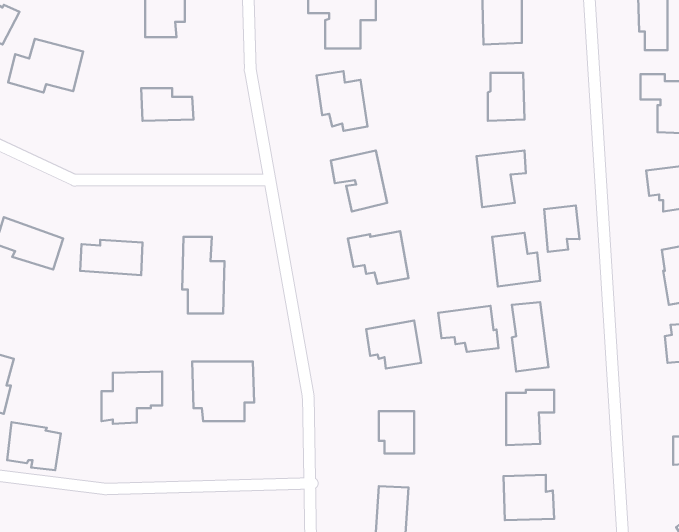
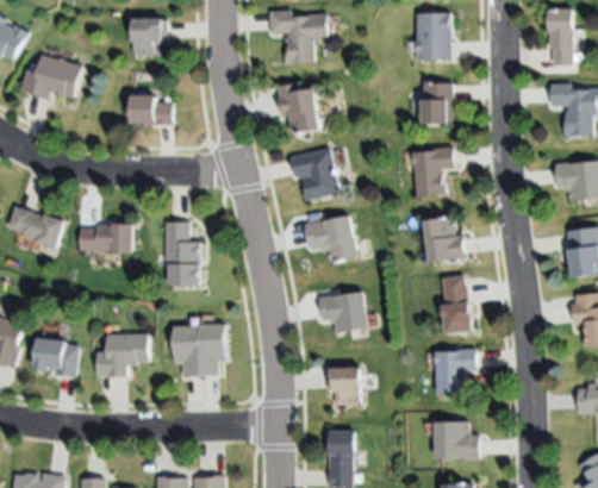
building: [544,206,580,252] -> none
building: [438,306,499,352] -> none
building: [7,422,61,470] -> [32,337,77,377]

